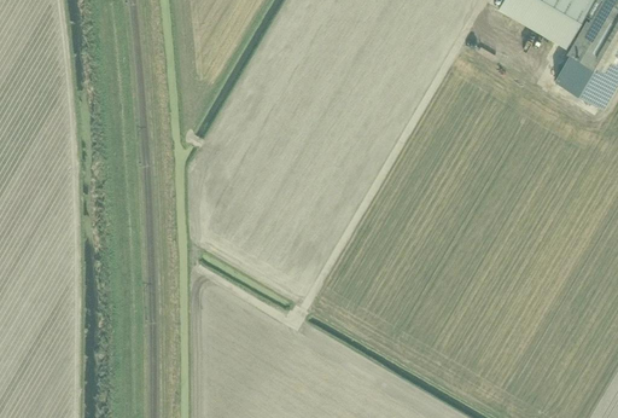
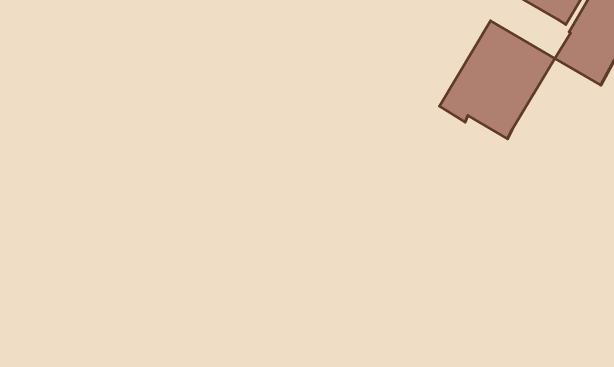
building: none -> [440,21,555,139]

